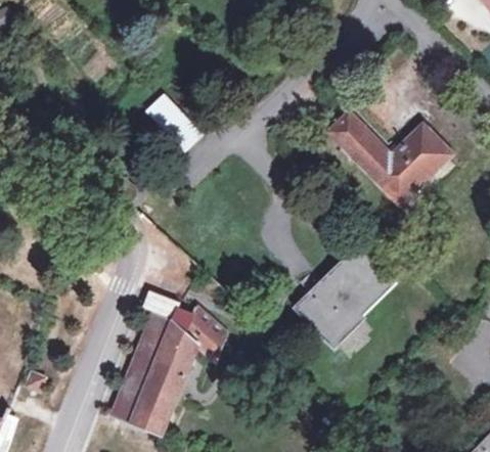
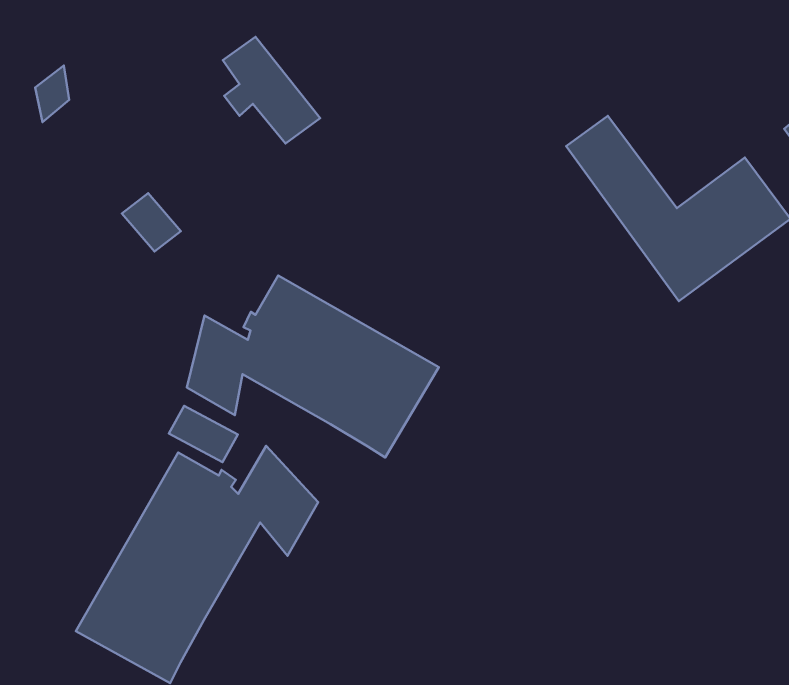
building: none -> [187,275,439,458]
building: [294,244,396,346] -> none

